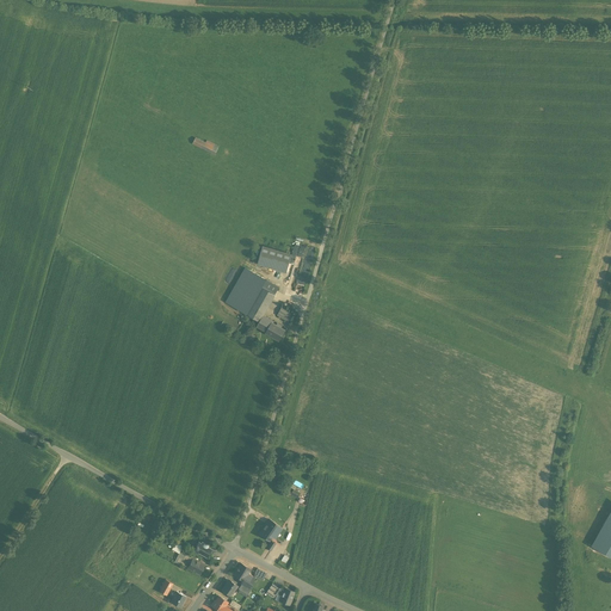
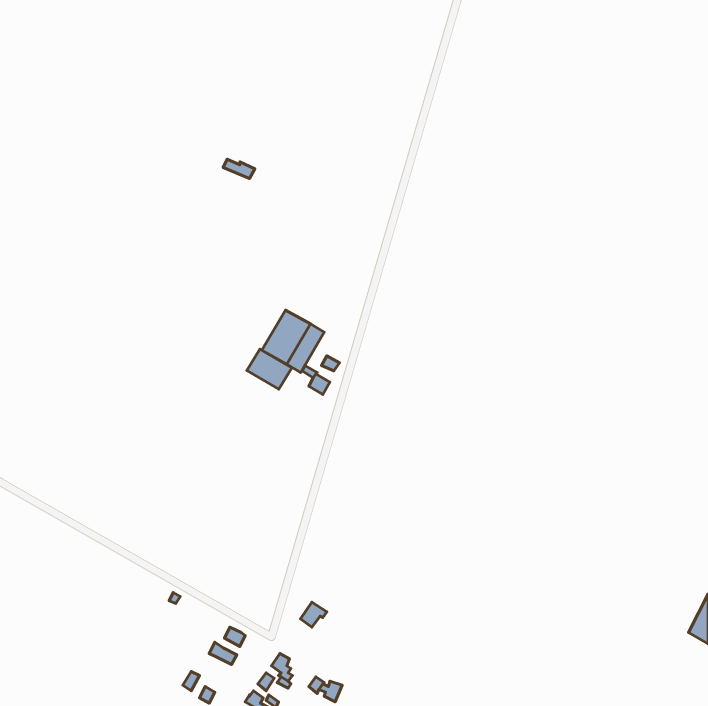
building: [258,247,291,273] -> none
building: none -> [247,349,292,389]

